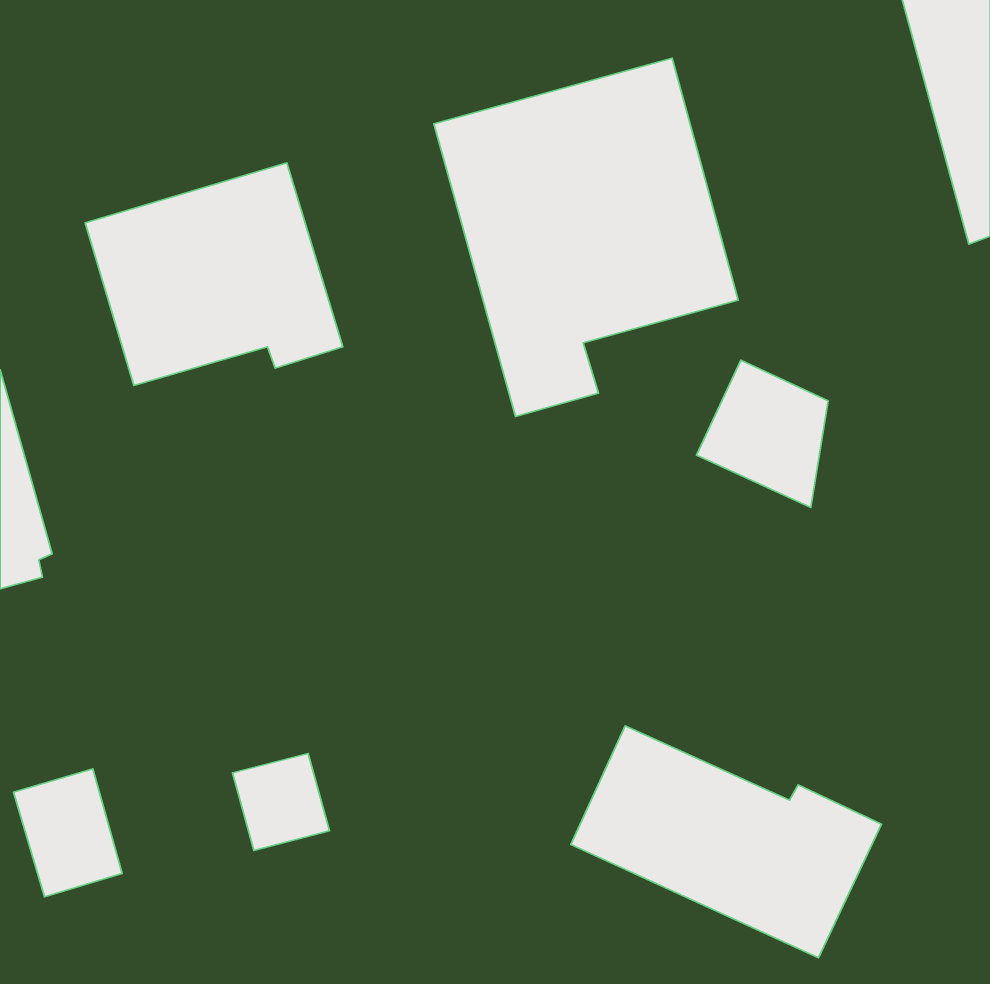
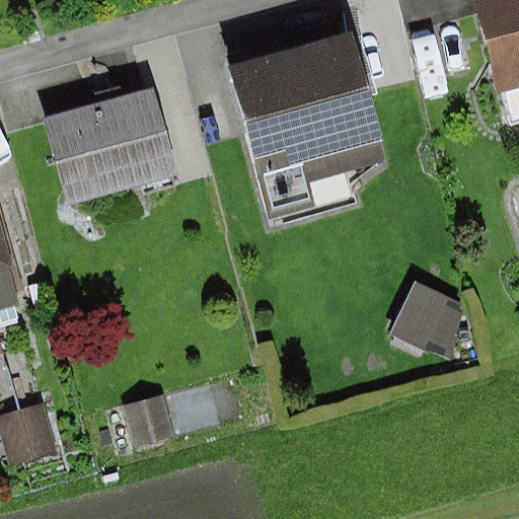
building: [696,360,828,508] -> [391,281,460,358]
building: [571,726,882,958] -> none

